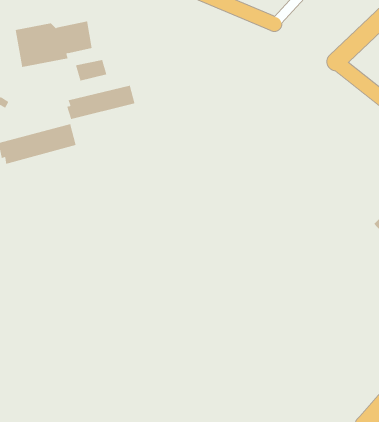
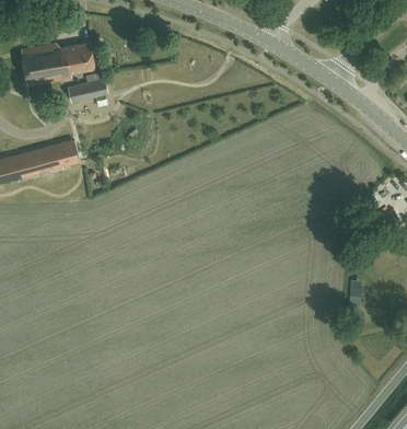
building: [67,85,135,120] -> none

